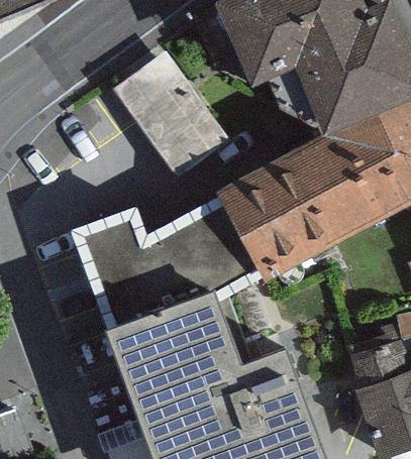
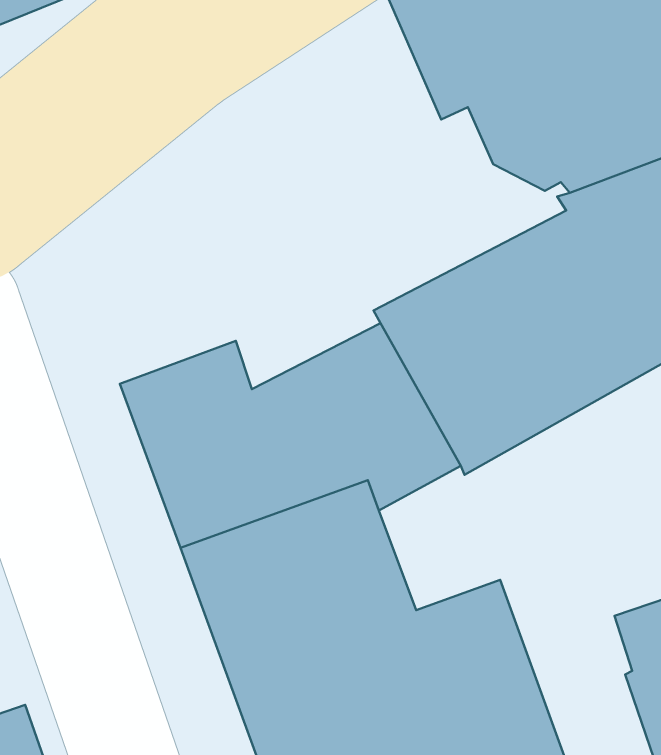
building: [112,55,232,184] -> none

